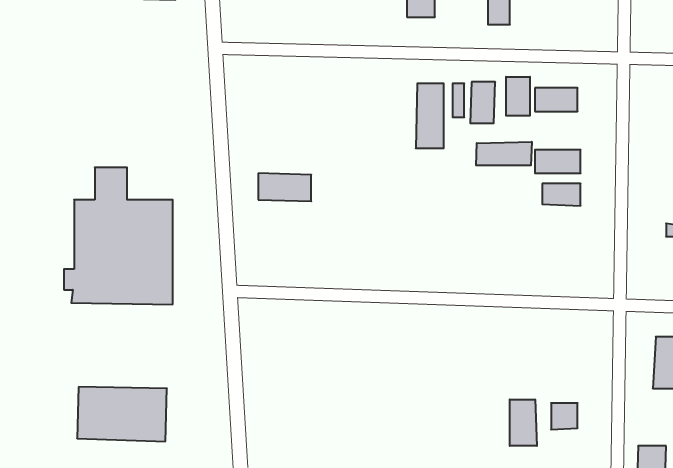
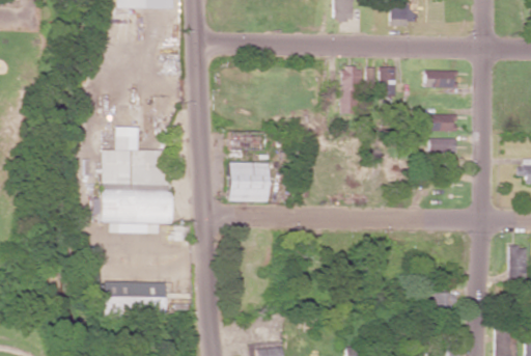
building: [506,77,530,116] -> none
building: [476,142,532,165] -> none
building: none -> [228,162,269,201]
building: [510,399,537,446] -> none

